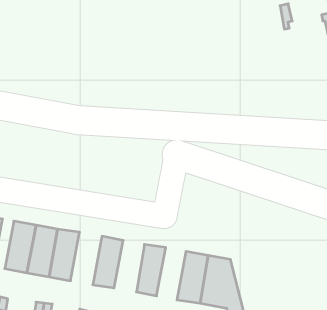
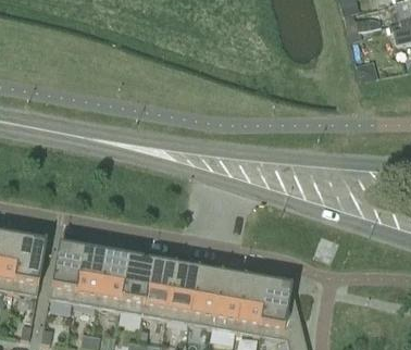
building: none -> [117,257,151,313]
building: none -> [164,265,197,321]
building: none -> [210,273,241,329]

